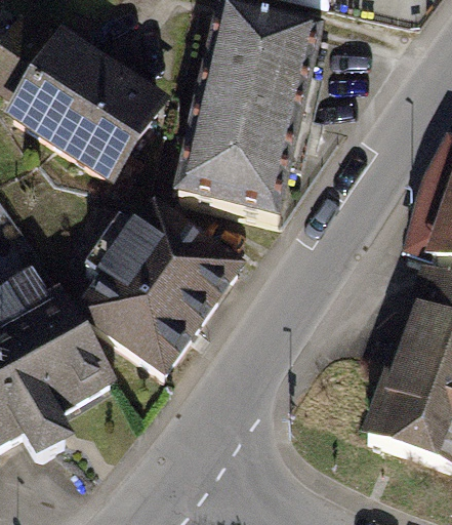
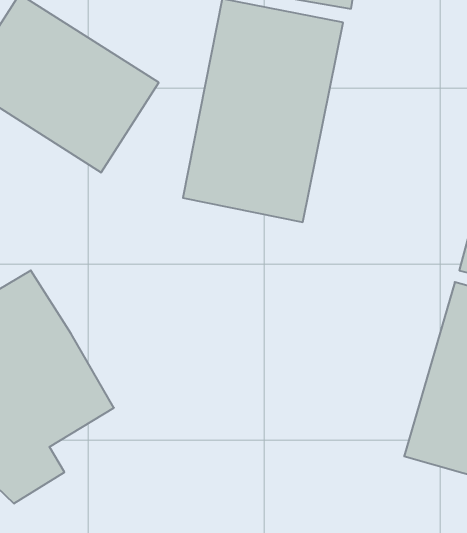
building: [77,208,242,378] -> none

